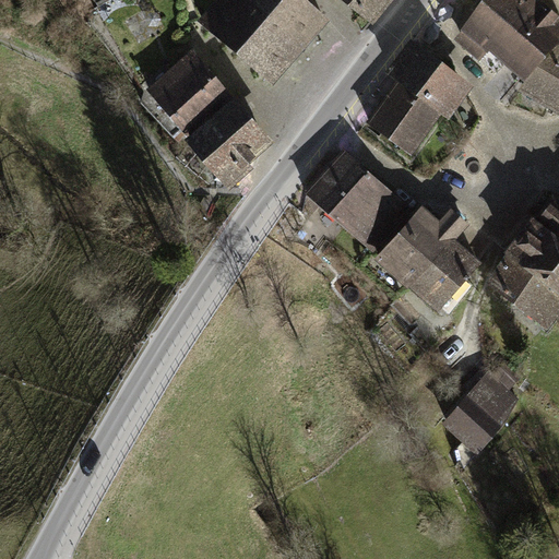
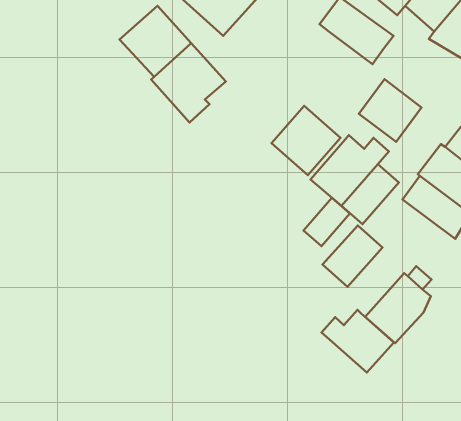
building: [367,81,442,156] -> [359,79,422,142]
building: [305,148,368,215] -> none
building: none -> [304,198,350,246]
building: none -> [323,225,383,287]
building: none -> [322,310,394,373]

